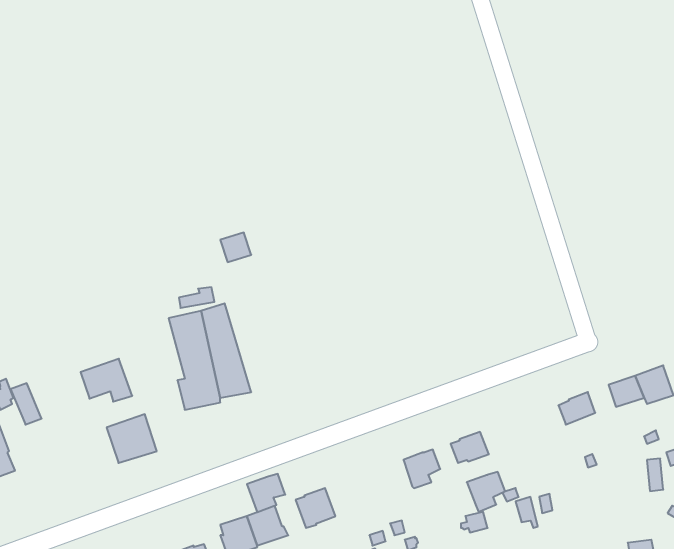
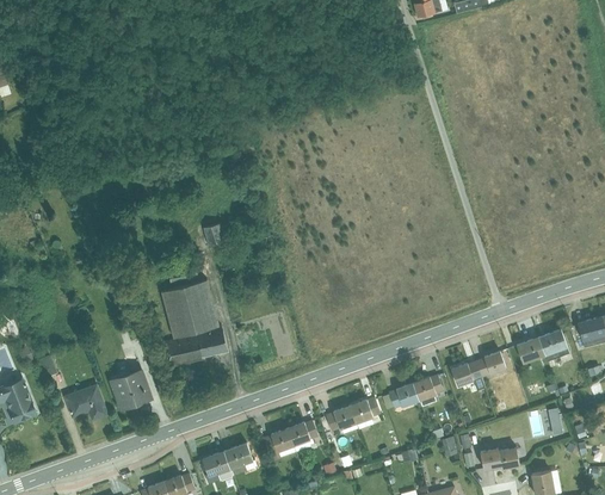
building: [81,359,132,402] -> [64,384,106,419]
building: none -> [450,361,484,390]
building: none -> [325,406,357,433]
building: [467,472,505,512] -> [412,375,443,407]
building: [247,474,285,512] -> [286,420,317,451]
building: none -> [479,446,518,468]

